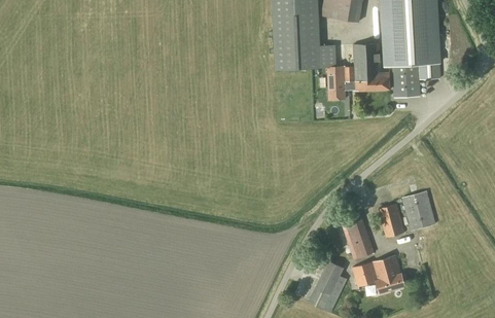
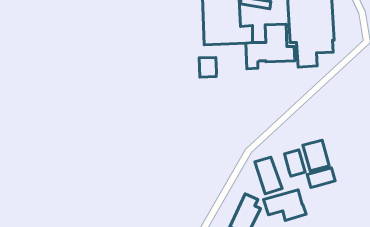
building: none -> [199,57,216,77]
building: none -> [307,168,335,187]

